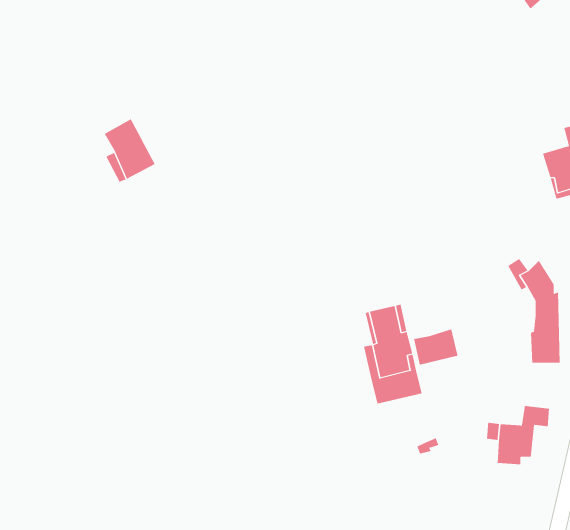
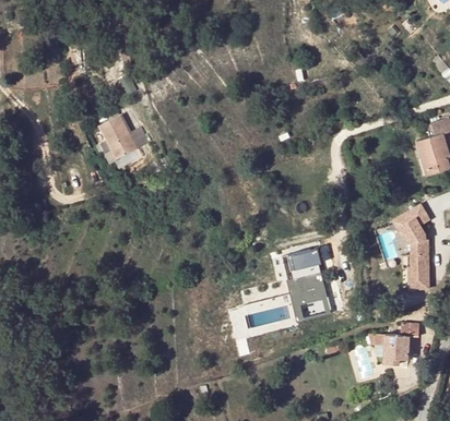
building: [414,328,458,365] -> none

